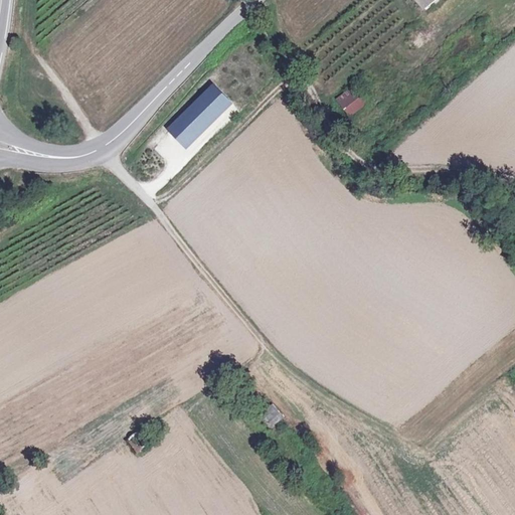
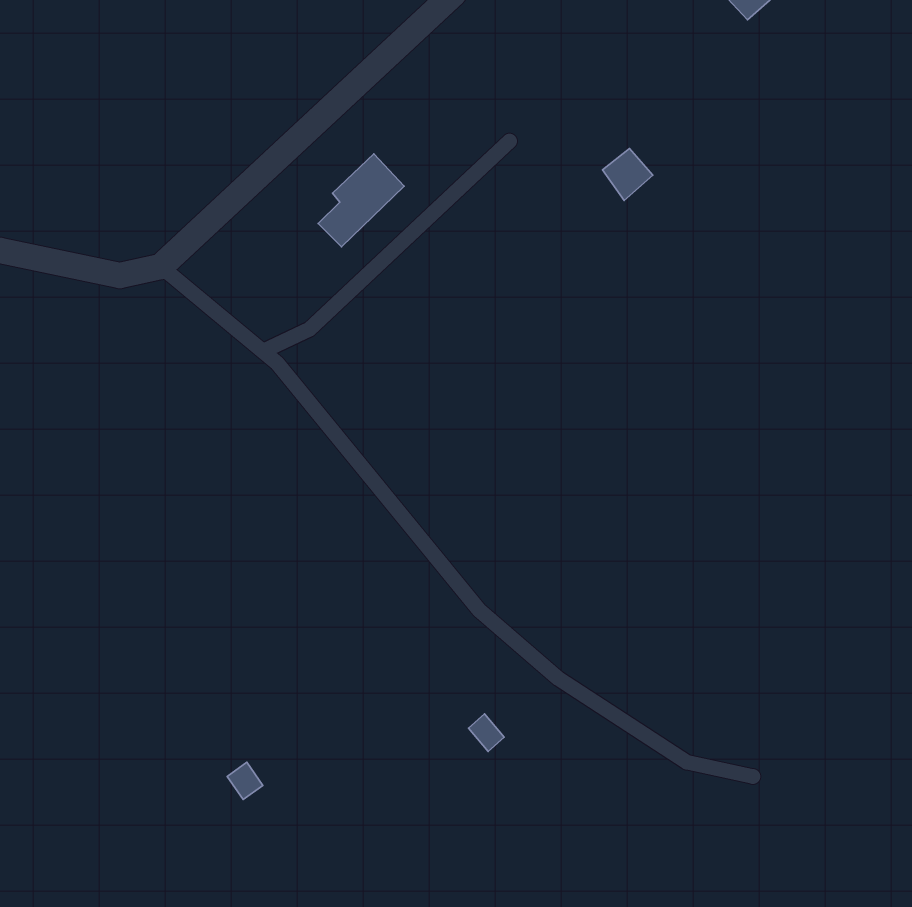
building: [167,109,193,147] -> none

